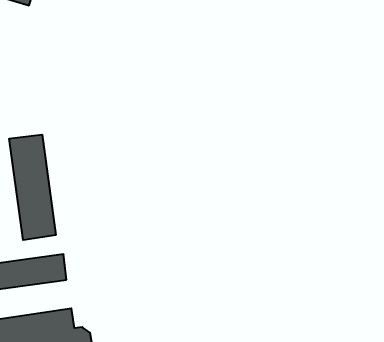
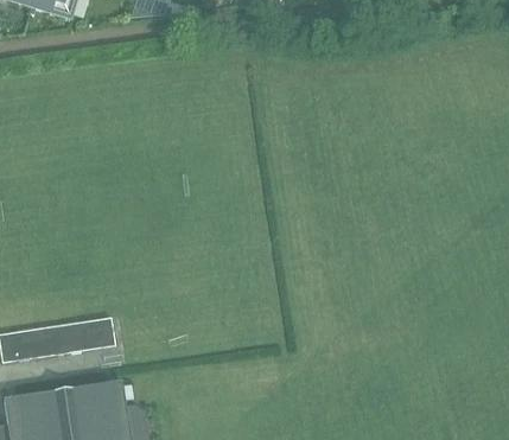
building: [9,135,56,240] -> none

